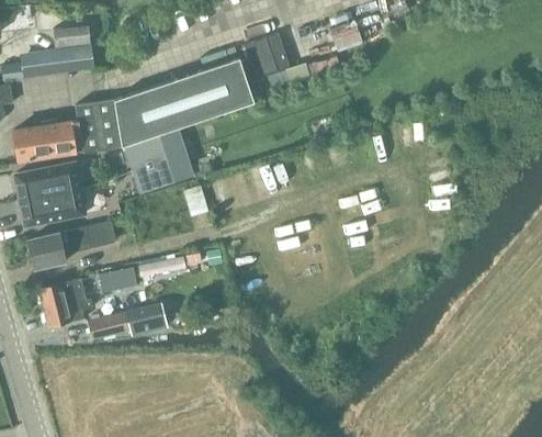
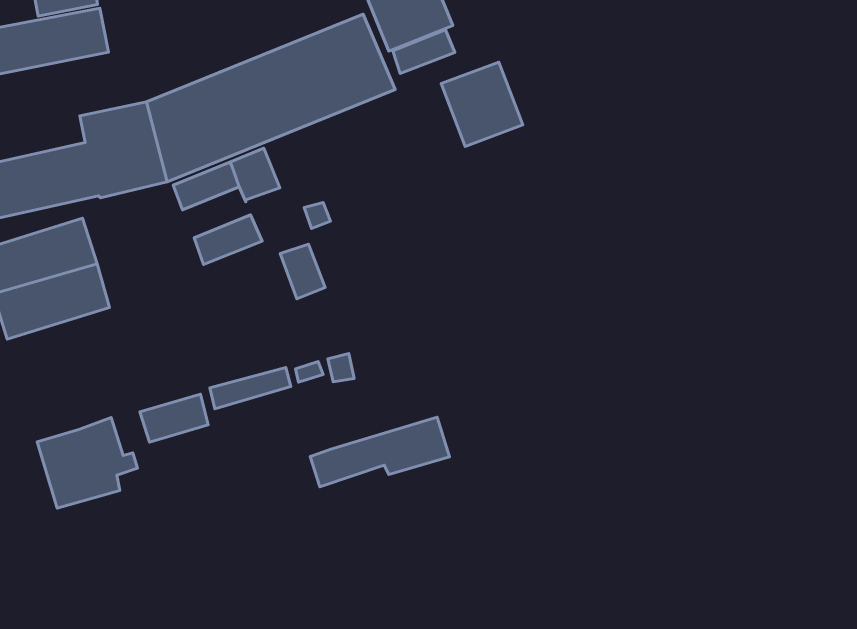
building: none -> [441,62,523,147]
building: [27,223,112,269] -> none
building: [88,304,167,339] -> [310,417,449,487]

